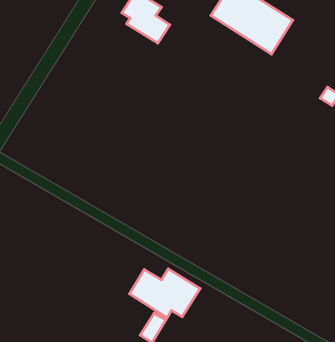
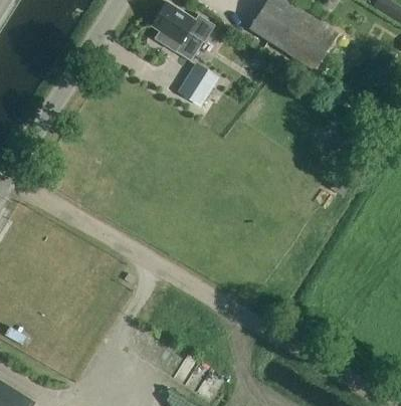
building: none -> [173,62,217,115]
building: [129,269,200,318] -> none

